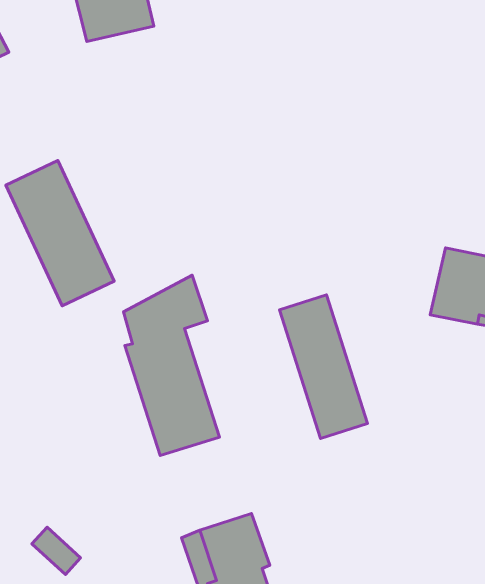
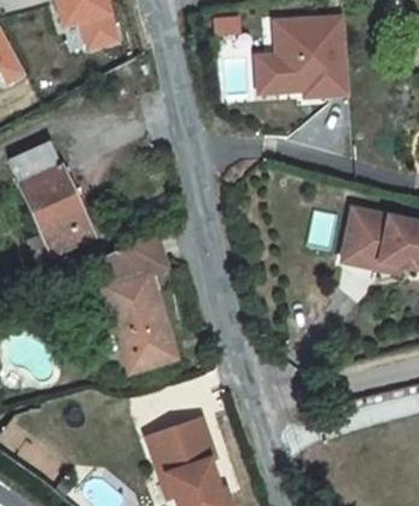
building: none -> [251,20,347,99]
building: [279,295,368,438] -> none

